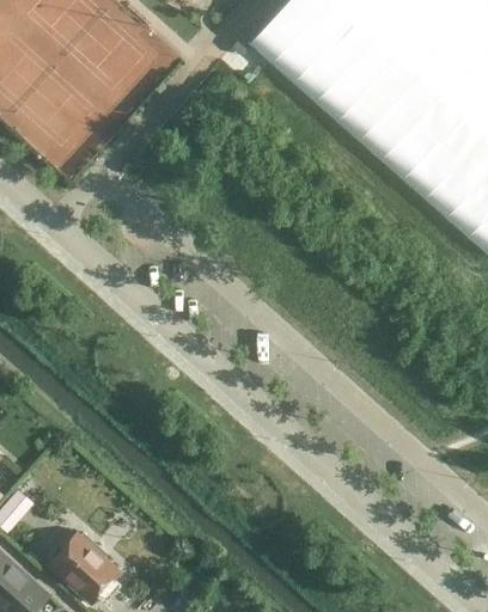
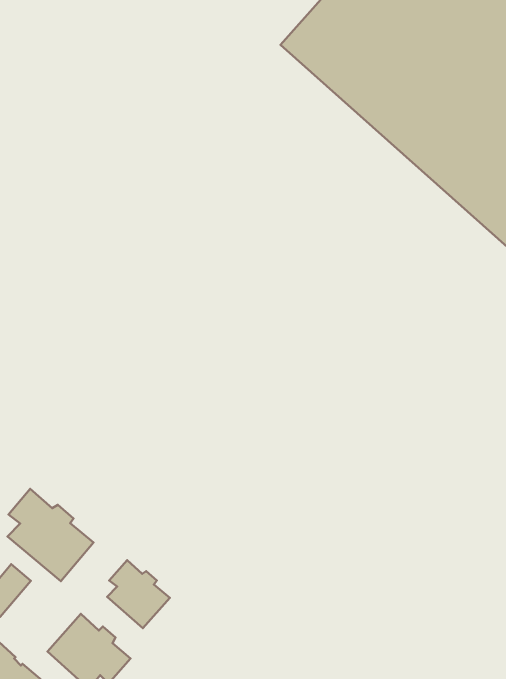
building: none -> [8,489,94,581]
building: none -> [107,560,170,628]

